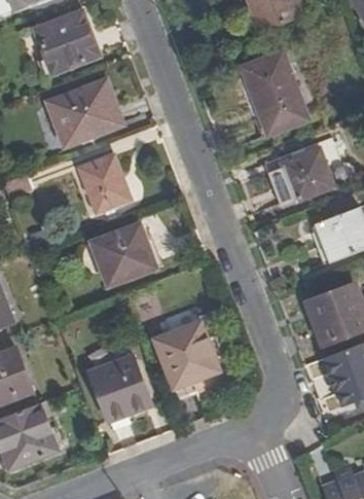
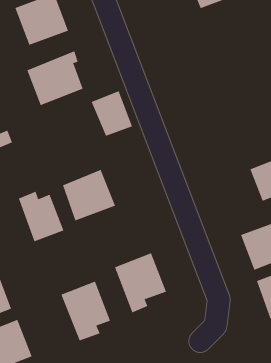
building: [242,51,307,134] -> none
building: [265,147,333,206] -> none
building: [79,155,130,211] -> [91,91,133,137]
building: none -> [18,191,64,242]

